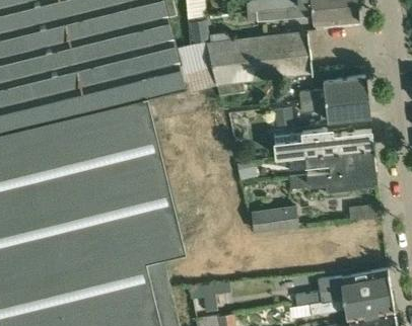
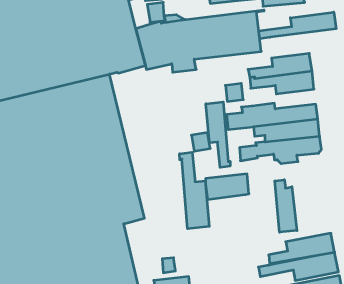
building: none -> [259,12,336,39]
building: none -> [206,102,230,167]
building: none -> [180,152,209,229]
building: none -> [275,180,297,232]

